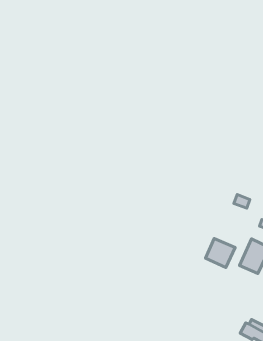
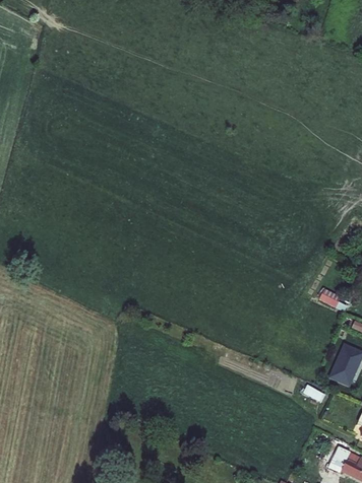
building: [206,238,235,268] -> none

